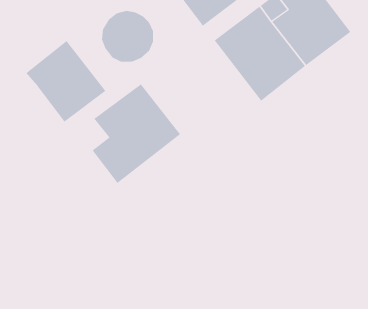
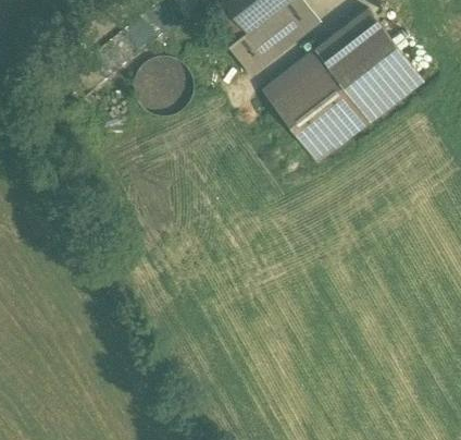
building: [26,40,106,123] -> none
building: [92,83,181,184] -> none

